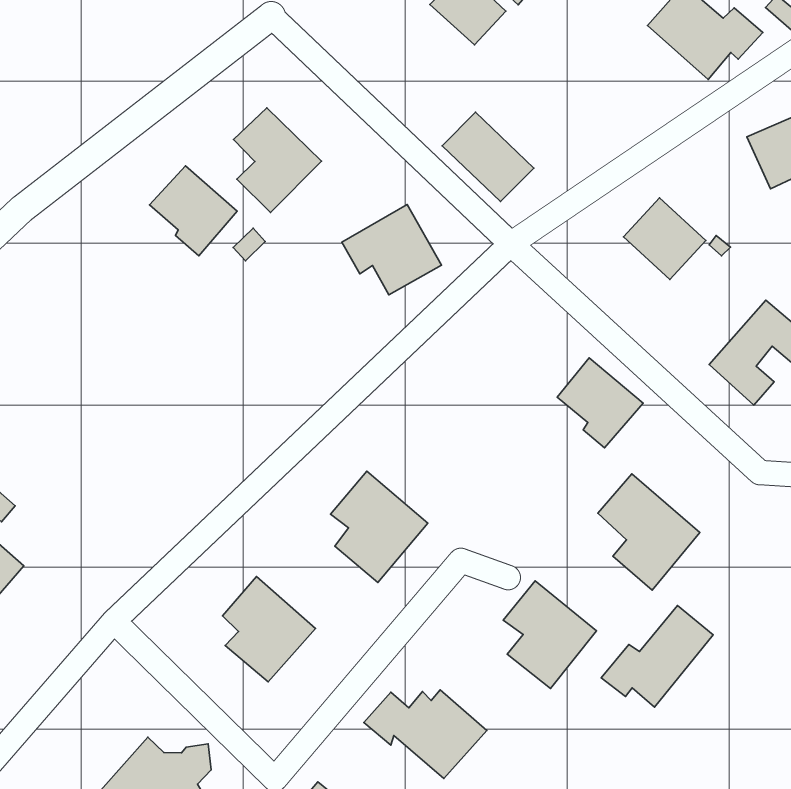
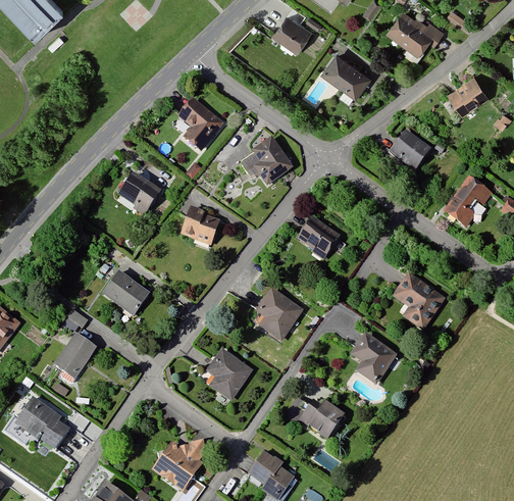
building: [442,112,534,202] -> [323,56,372,101]
building: [150,166,237,256] -> [118,174,164,220]
building: none -> [184,212,221,248]
building: [557,358,643,448] -> [294,213,339,259]
building: none -> [104,277,150,320]
building: [601,606,713,707] -> none

